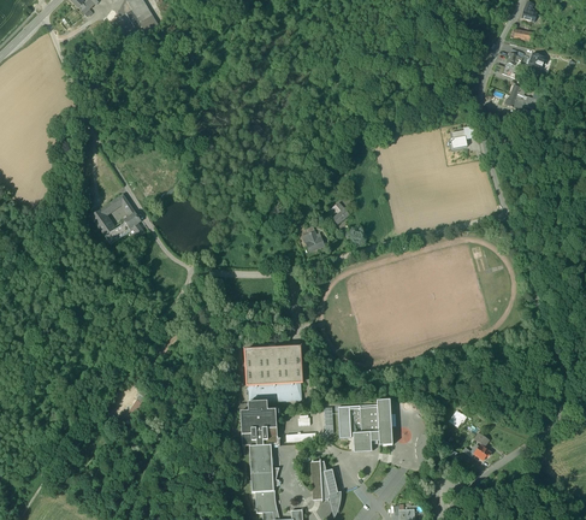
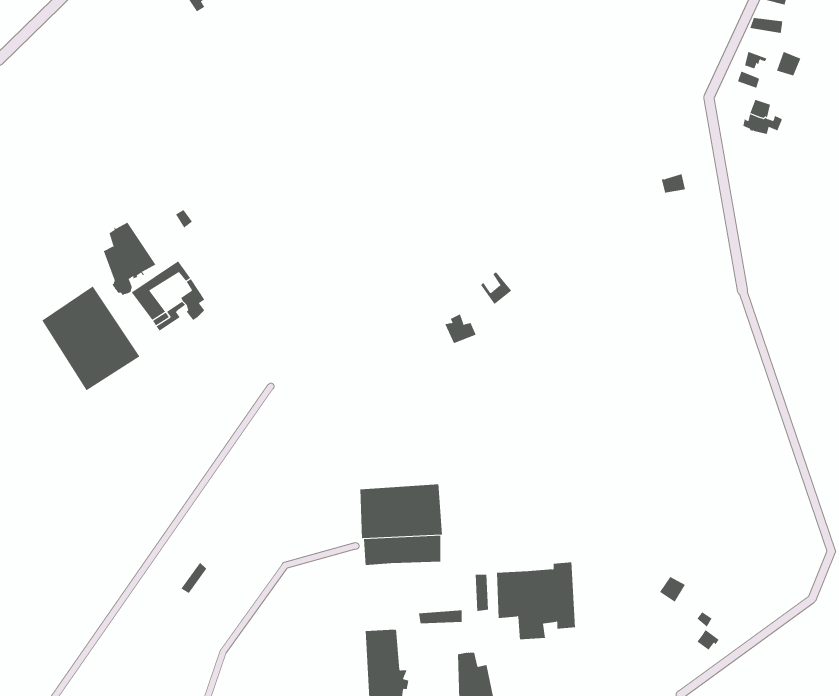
building: none -> [103,222,156,296]
building: none -> [42,286,140,391]
building: [241,400,279,445] -> none

